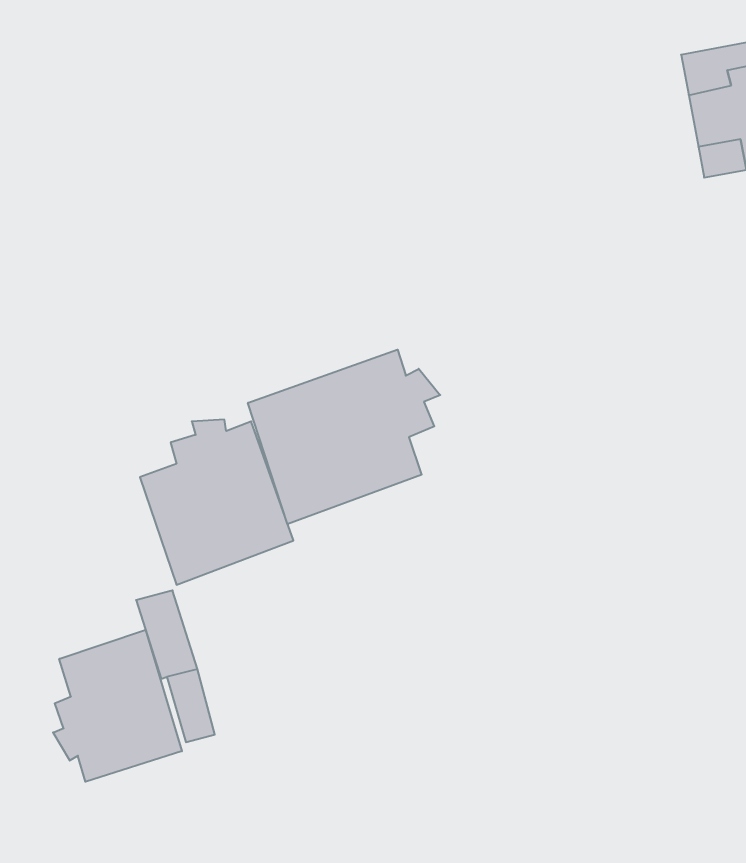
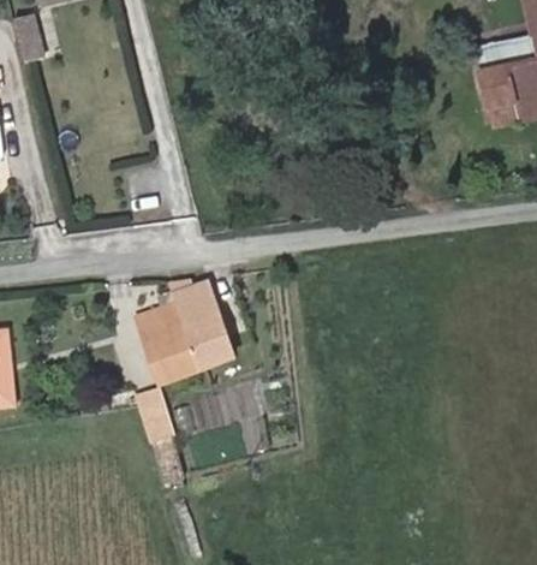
building: [248,350,440,524] -> none
building: [53,630,182,782] -> none

